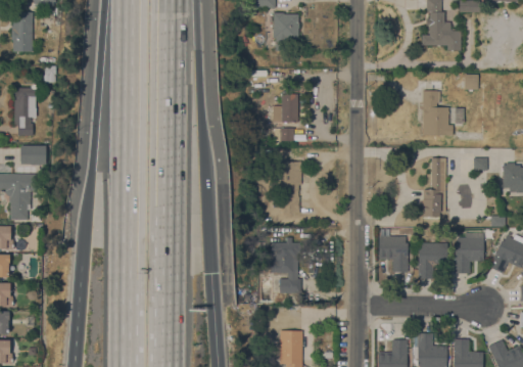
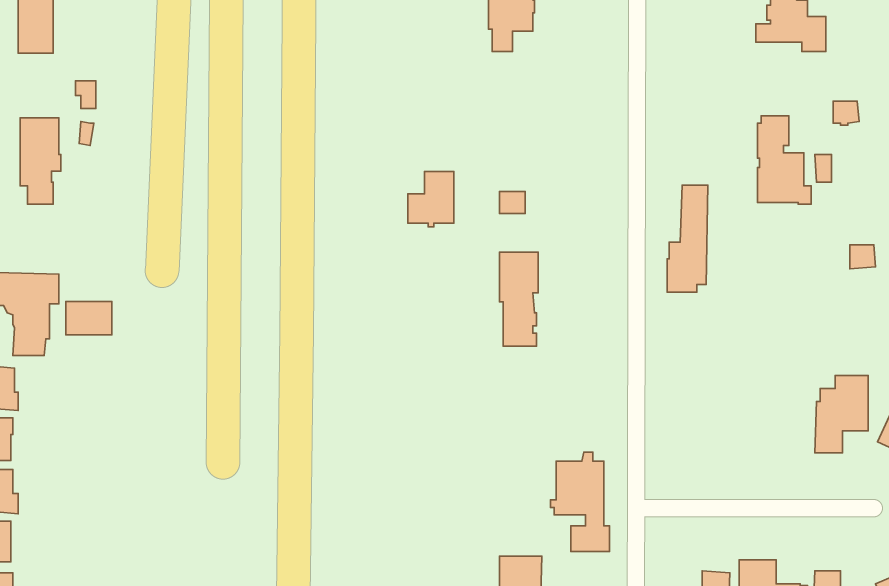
building: [272,93,297,124] -> [408,172,454,227]
building: [19,145,45,164] -> [66,302,112,335]
building: [423,157,445,217] -> [667,185,708,292]
building: [378,235,408,271] -> none
building: [268,237,300,292] -> [550,452,609,552]
building: [418,242,446,278] -> none

